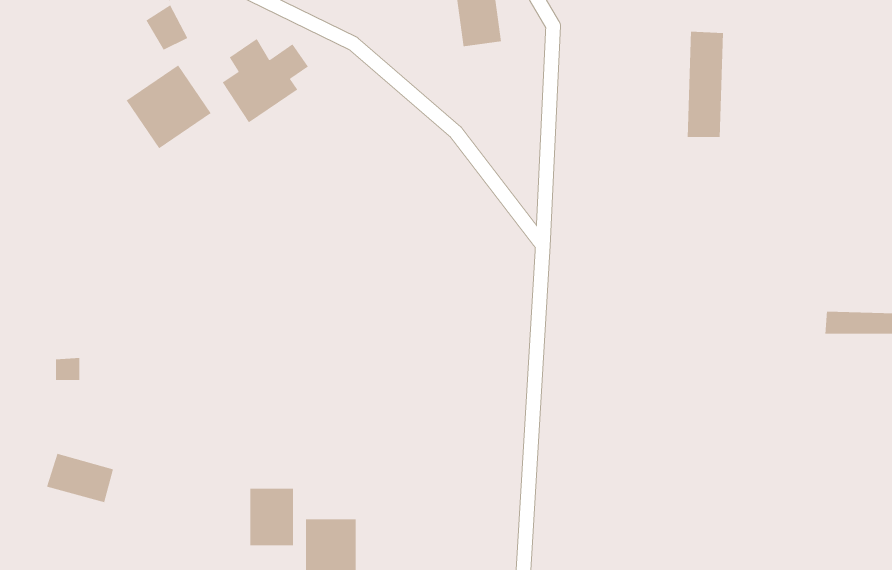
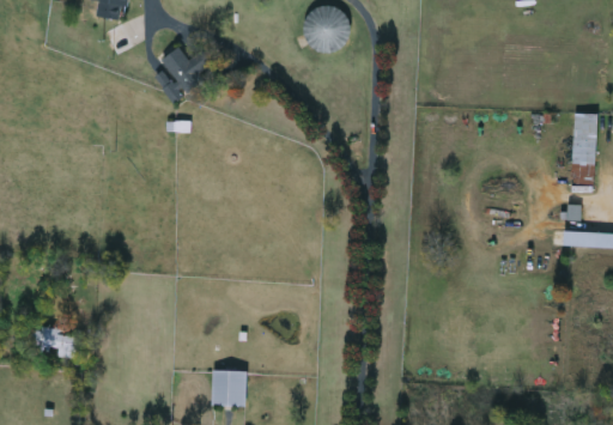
building: [687,31,724,138] -> [572,111,597,183]
building: [126,65,212,149] -> none
building: [250,488,294,546] -> none

